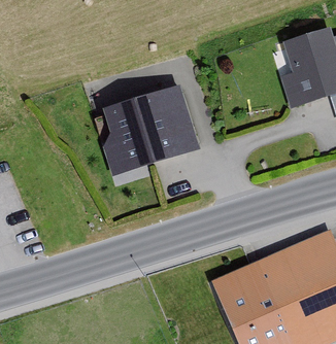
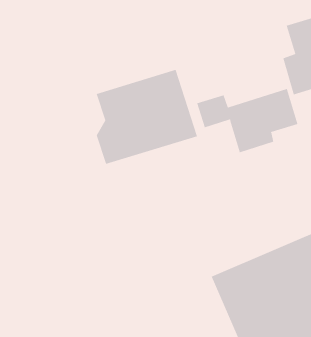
building: none -> [197,88,298,153]

